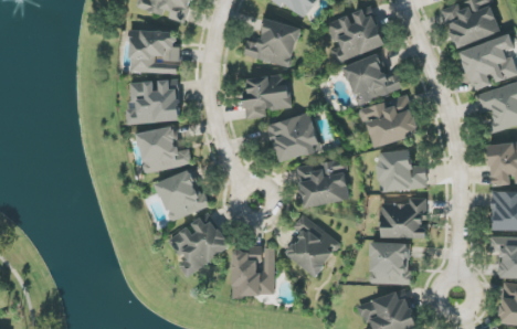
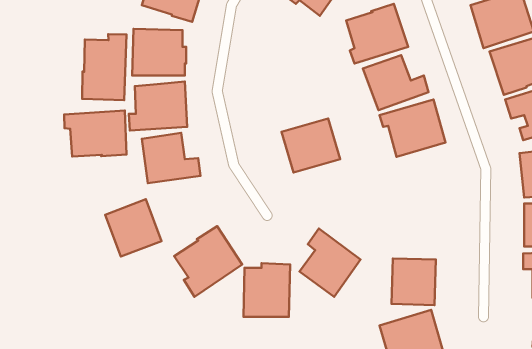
building: [242,19,299,66] -> none
building: none -> [82,34,127,100]
building: [242,74,291,119] -> none
building: none -> [64,111,127,156]
building: [377,150,426,192] -> none
building: [296,159,350,208] -> none
building: [156,169,208,222] -> [105,199,161,257]
building: [381,198,425,237] -> none

